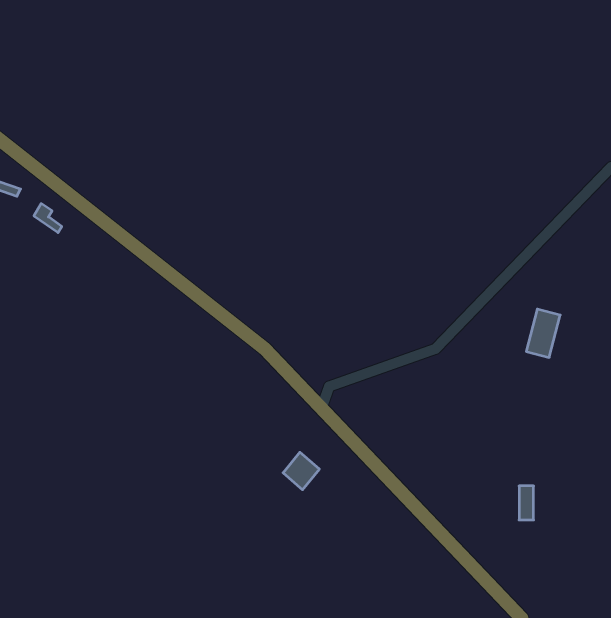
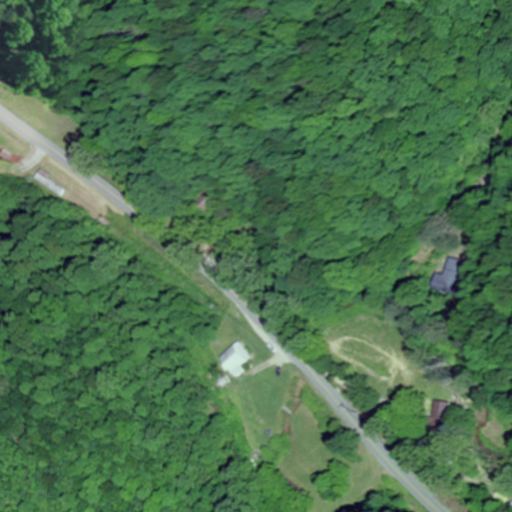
building: [283,452,319,490] -> [216,343,246,374]

